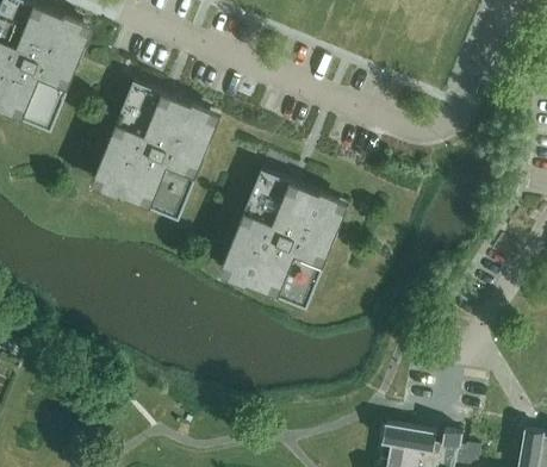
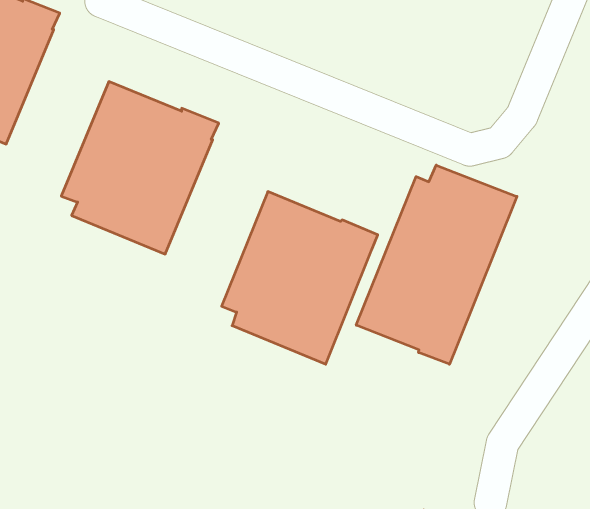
building: none -> [356,165,517,364]

